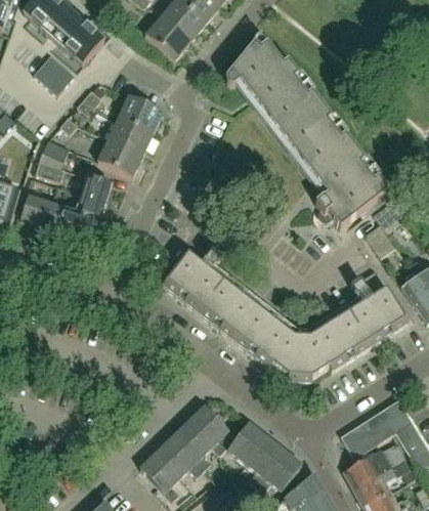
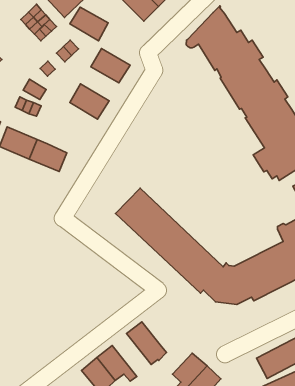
building: [108,118,152,155] -> [70,7,108,41]
building: [76,175,111,219] -> none
building: [172,421,211,469] -> none
building: [227,422,265,463] -> none

